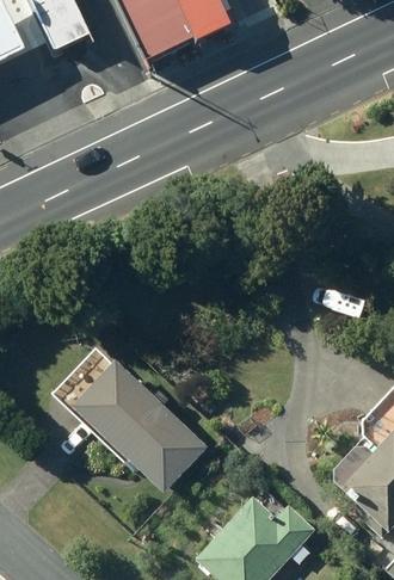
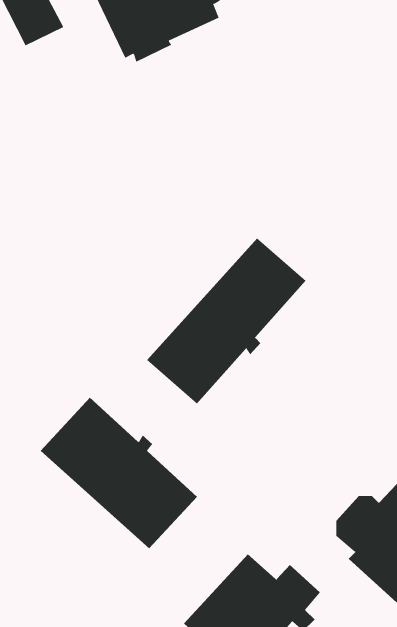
building: none -> [146,237,306,404]

